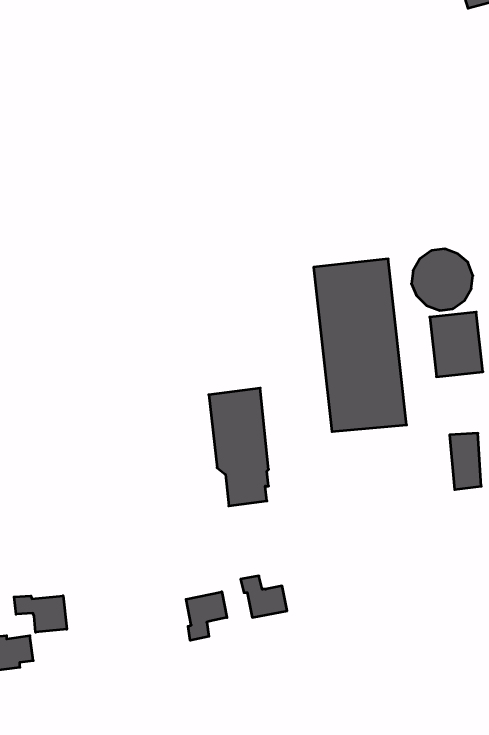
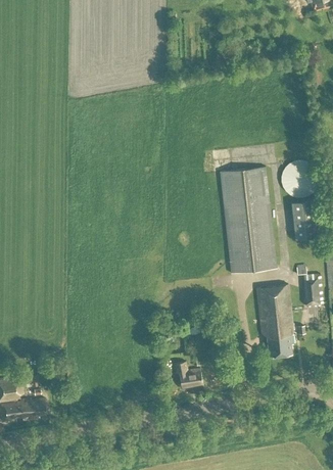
building: [209,388,269,506] -> [255,283,292,356]
building: [186,592,227,640] -> none
building: [14,596,67,632] -> none

